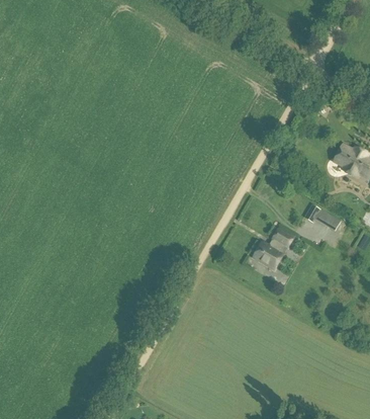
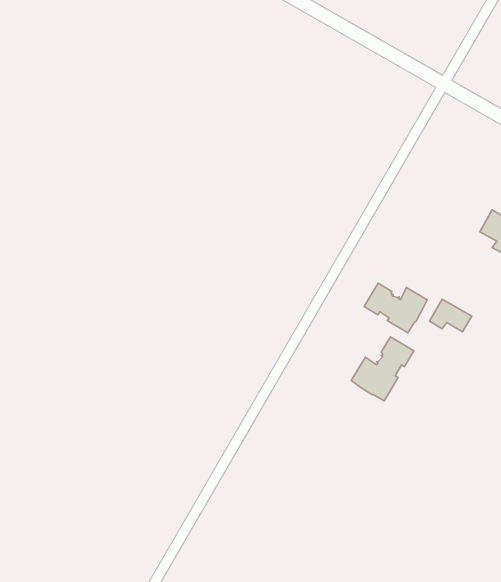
building: none -> [364,283,427,333]

